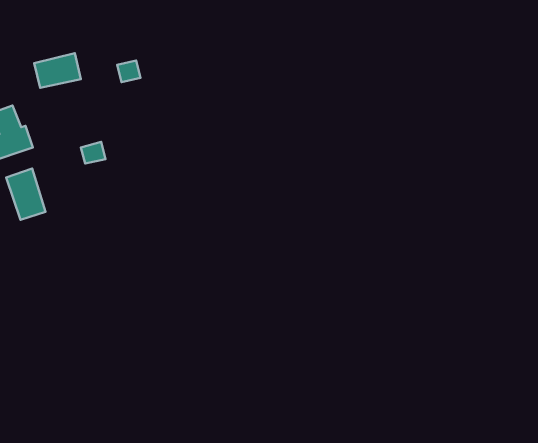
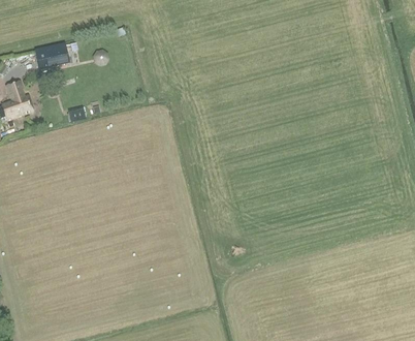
building: [6,169,46,220] -> none

